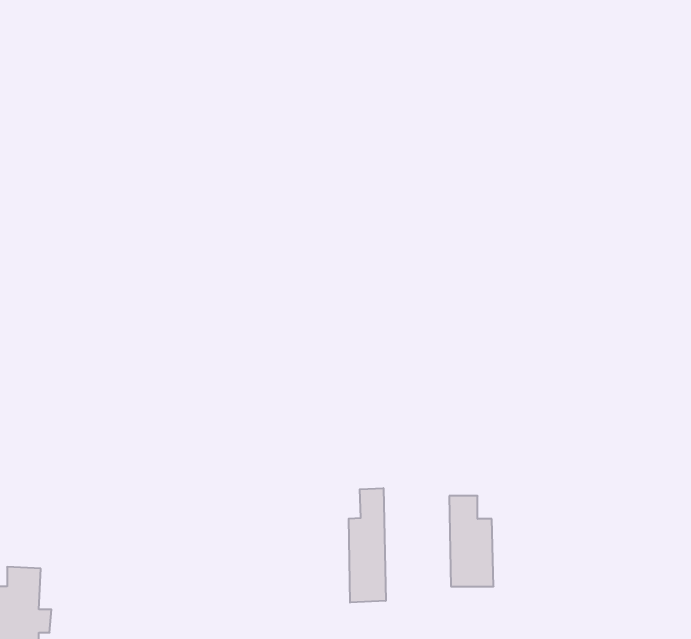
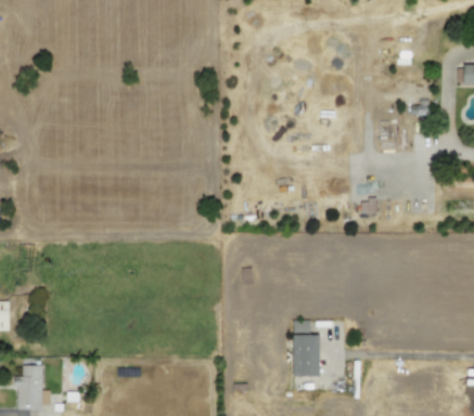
building: [349,488,386,603] -> none

